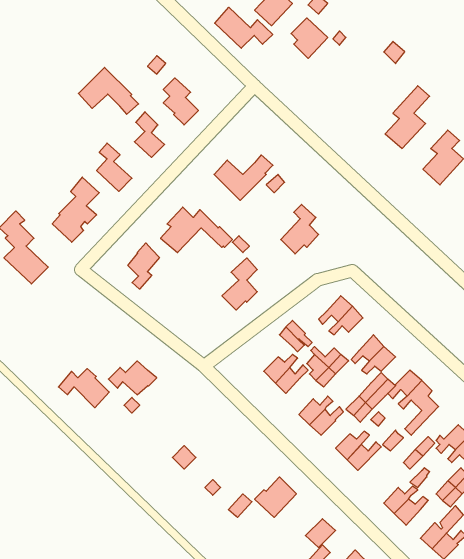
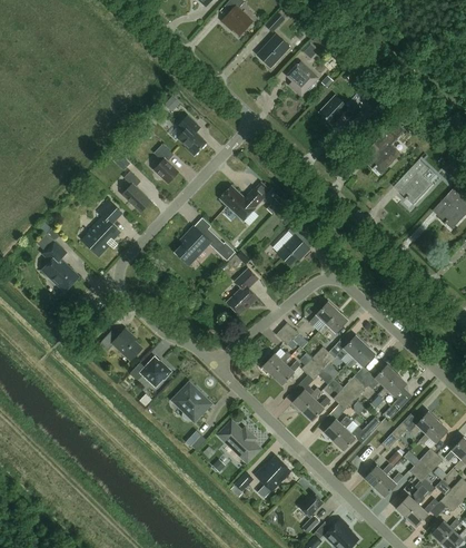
building: [215,7,273,48] -> none
building: none -> [318,98,360,126]
building: [78,67,139,114] -> none
building: [128,243,159,289] -> none
building: [58,369,109,408] -> [99,327,142,361]
building: none -> [172,382,209,420]
building: none -> [217,420,259,461]

